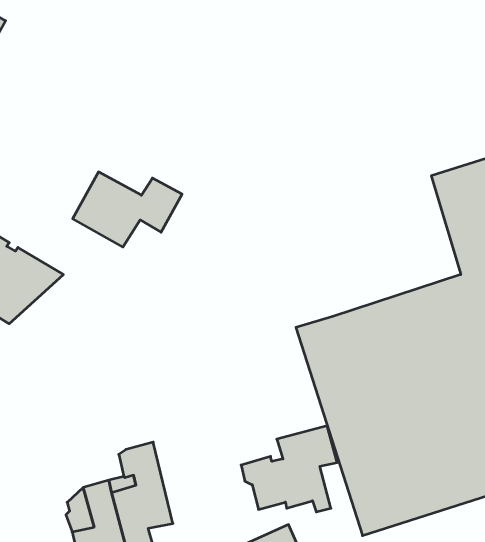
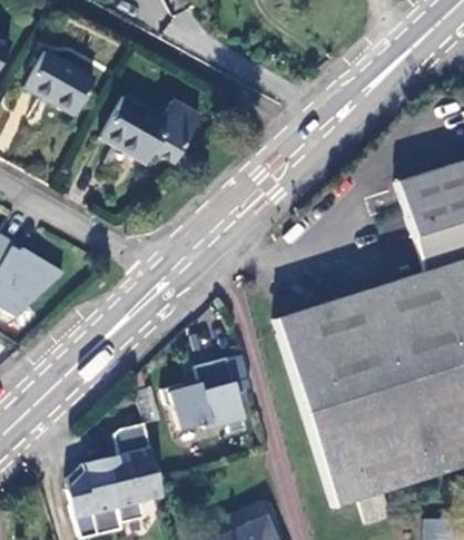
building: none -> [23,49,95,114]
building: [73,172,182,247] -> [100,95,199,163]
building: [241,426,337,512] -> [166,353,253,431]

